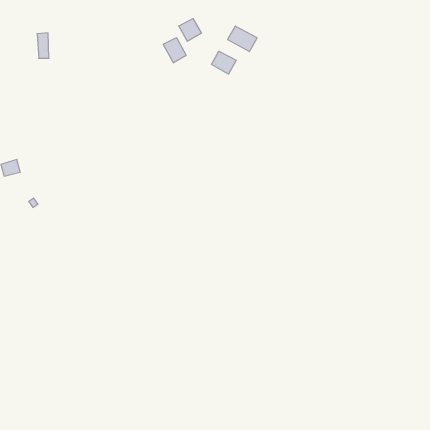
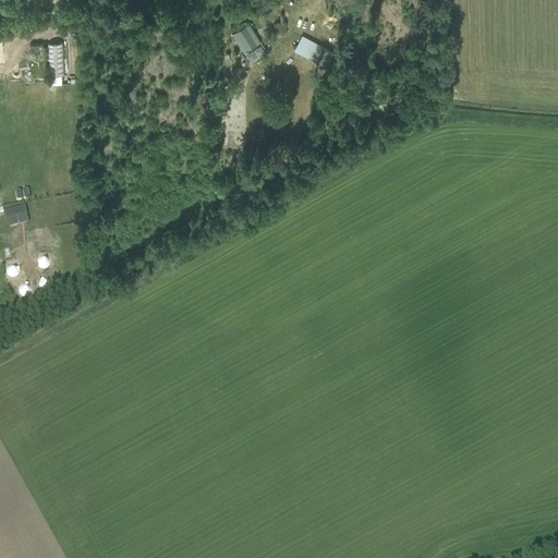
building: [163,38,186,63] -> none
building: [211,51,236,74] -> none

